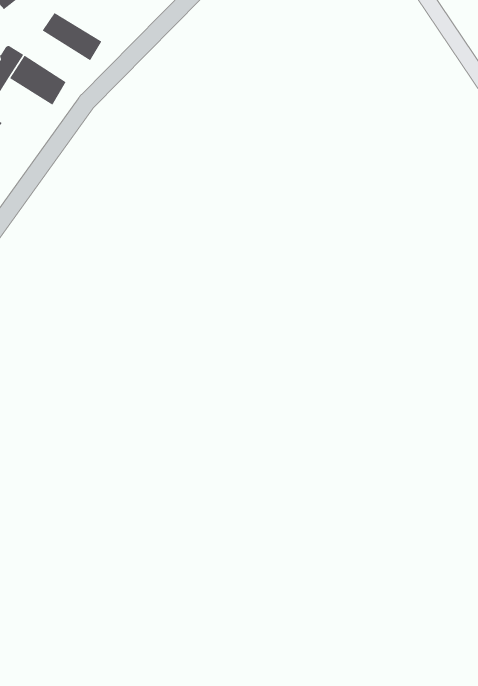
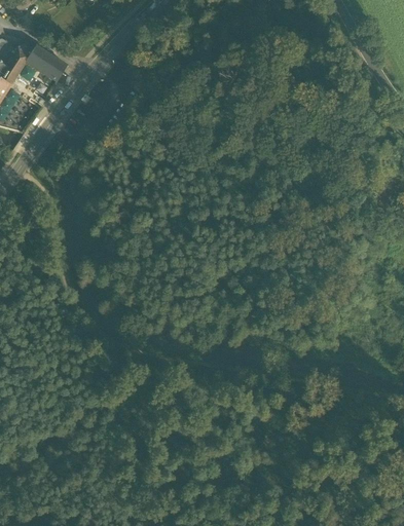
building: [42,12,102,61] -> none

